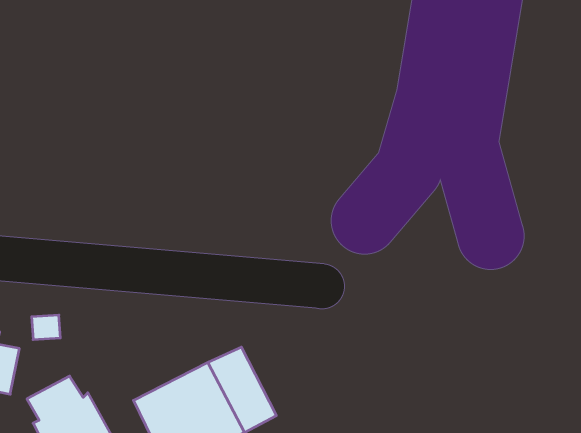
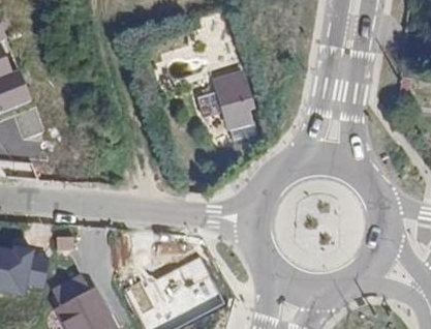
building: none -> [198,72,255,142]

